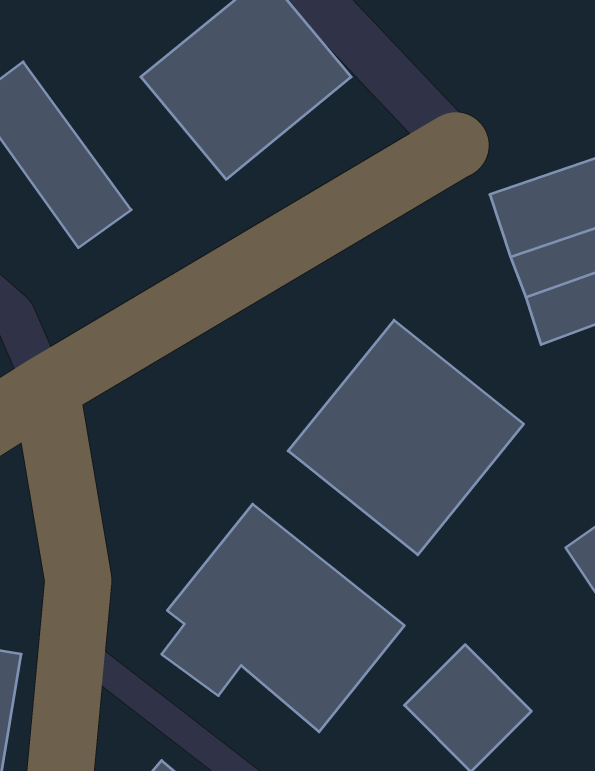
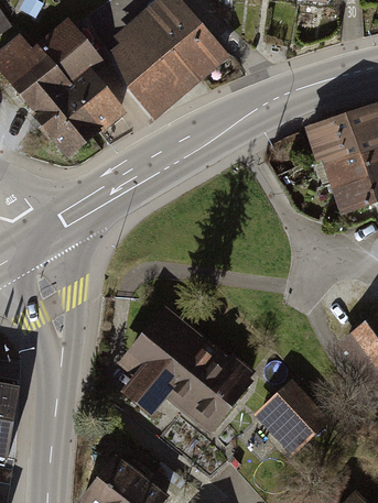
building: none -> [31,22,127,131]
building: [288,320,524,555] -> none

